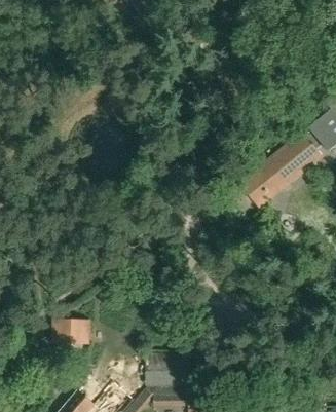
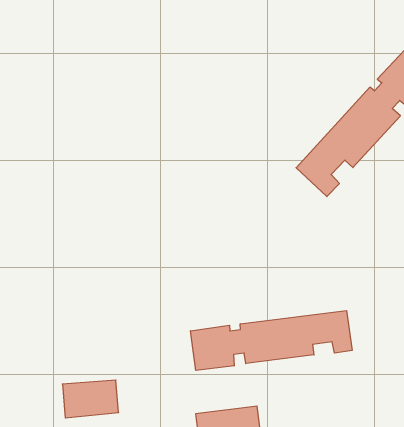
building: none -> [191,311,352,370]

